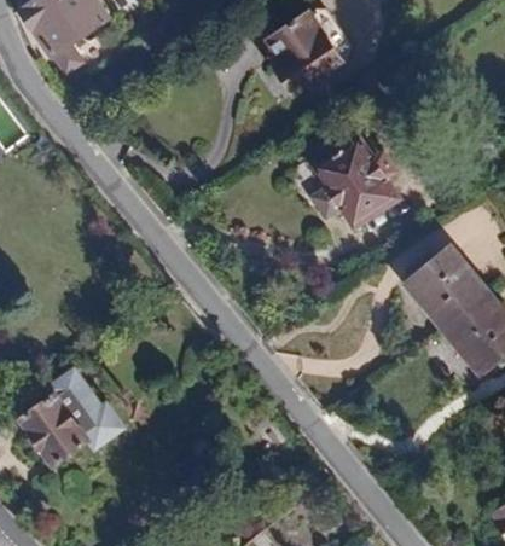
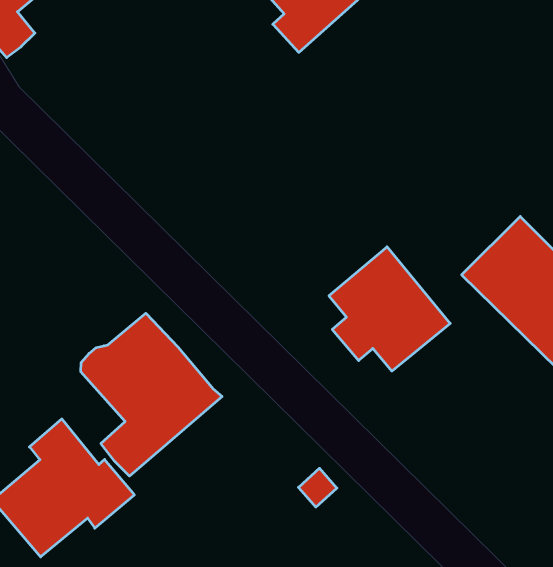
building: [308,132,401,230] -> [329,247,450,371]
building: none -> [81,313,222,476]

